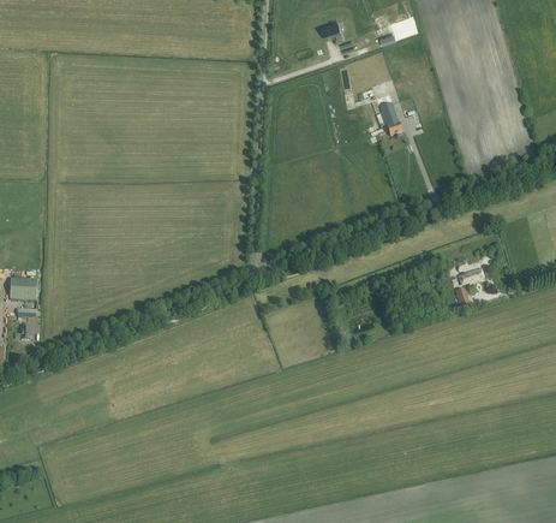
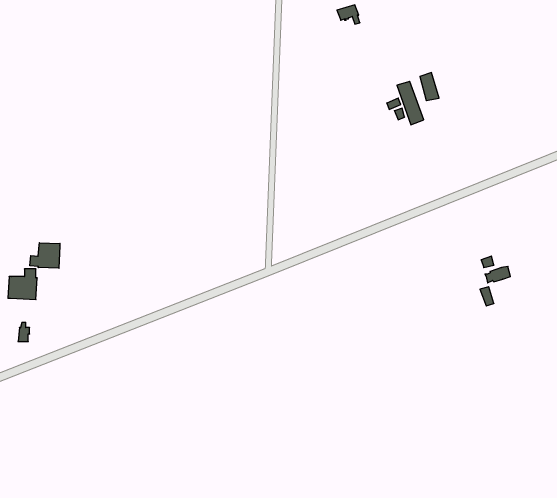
building: none -> [30,243,60,268]

